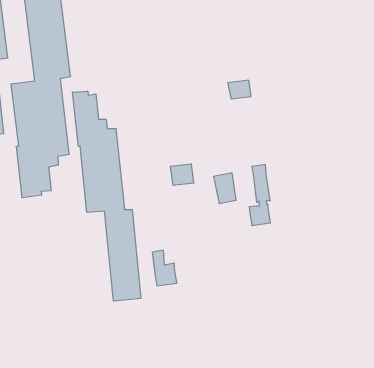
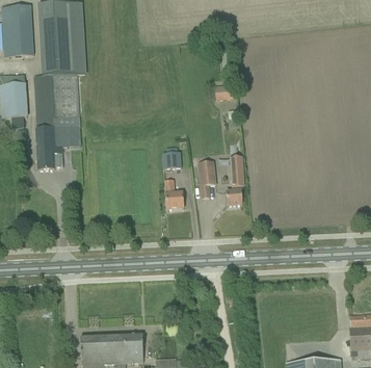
building: [73,91,141,301] -> none
building: [152,250,177,286] -> [164,180,183,209]

